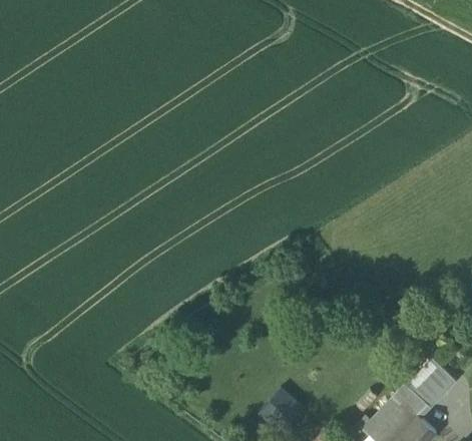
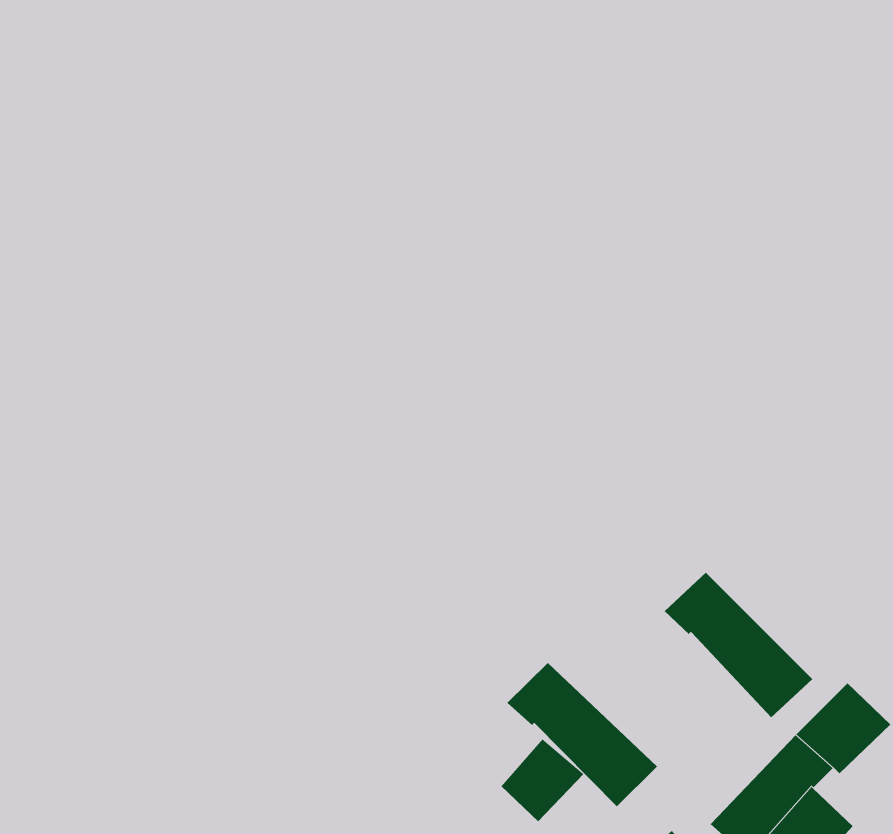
building: none -> [664,572,813,718]
building: none -> [506,662,658,807]

